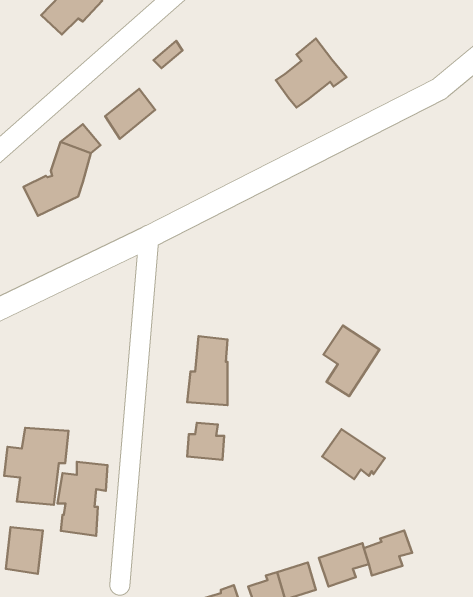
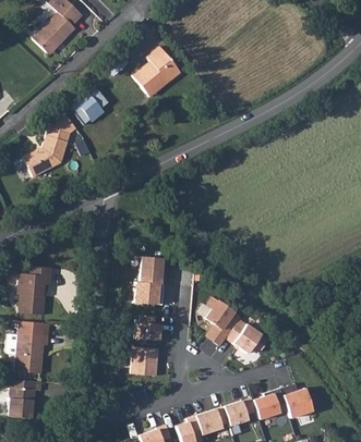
building: [276,39,346,108] -> [130,46,178,93]
building: [323,326,380,396] -> [203,298,241,346]
building: [58,462,107,536] -> [20,263,53,314]
building: none -> [130,347,157,377]
building: none -> [280,385,312,418]

